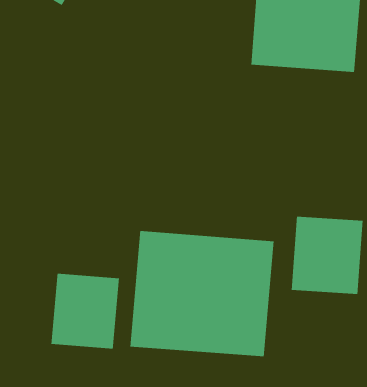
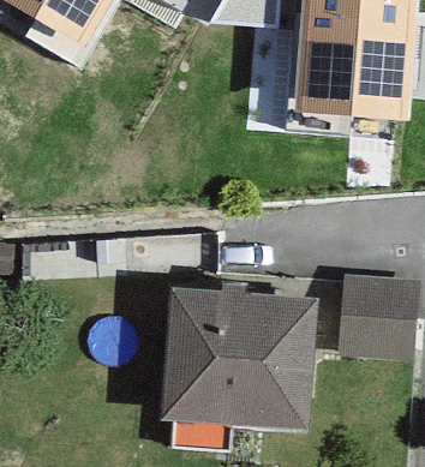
building: [51,273,119,350] -> none

